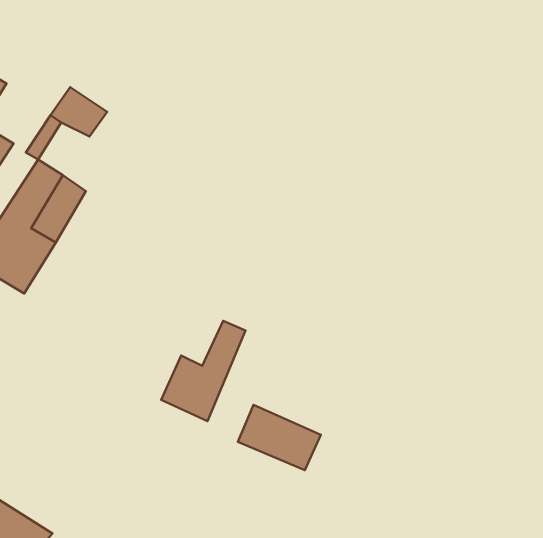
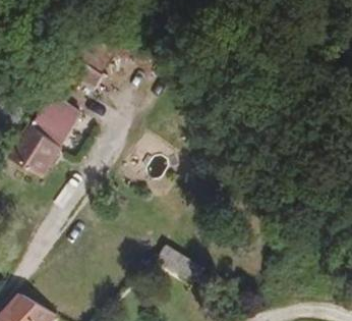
building: [161,321,246,421] -> none

